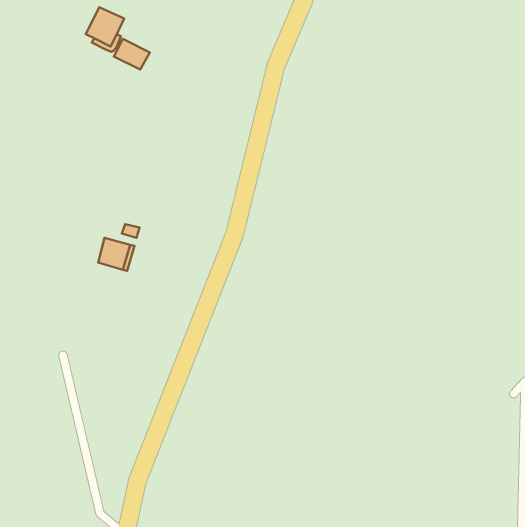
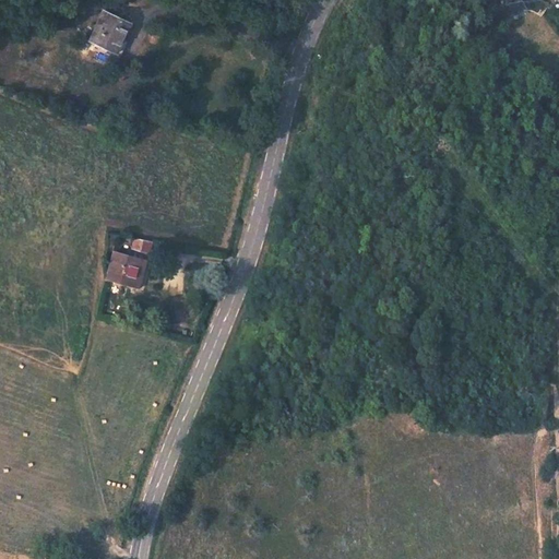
building: [114,39,150,69] -> none

